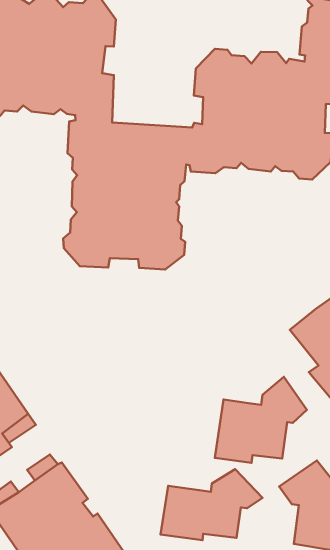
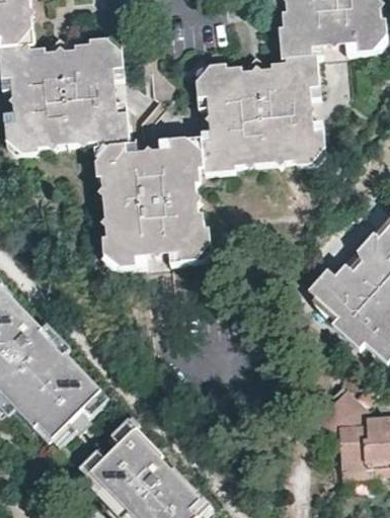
building: [215,377,307,463] -> none
building: [161,469,262,540] -> none

